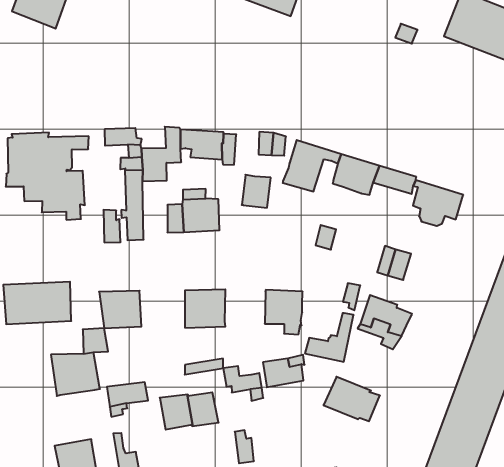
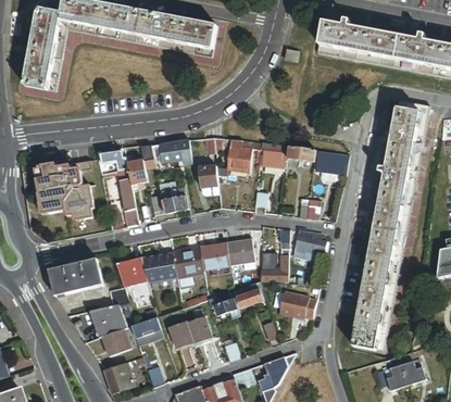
building: none -> [199,243,229,268]
building: none -> [141,252,176,282]
building: none -> [100,329,129,356]

